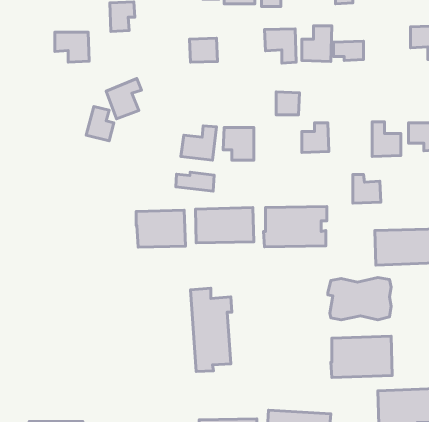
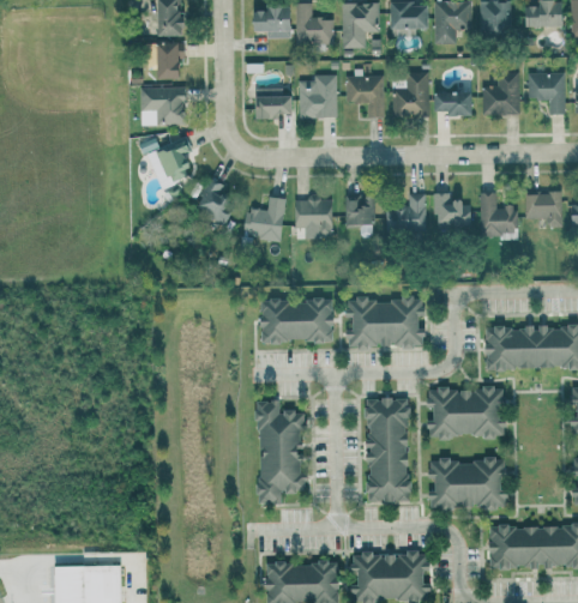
building: none -> [483,72,520,115]
building: none -> [300,74,337,119]
building: [55,32,89,62] -> [142,88,185,125]
building: [276,92,299,115] -> [347,197,375,225]
building: [86,106,114,141] -> [197,179,231,222]
building: [176,172,214,191] -> none
building: [353,174,381,203] -> [435,193,470,229]
building: [136,210,186,247] -> none
building: none -> [366,398,408,502]

